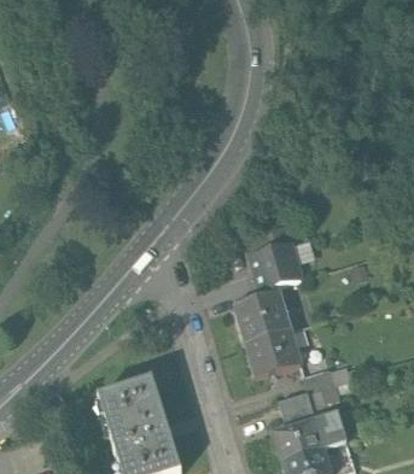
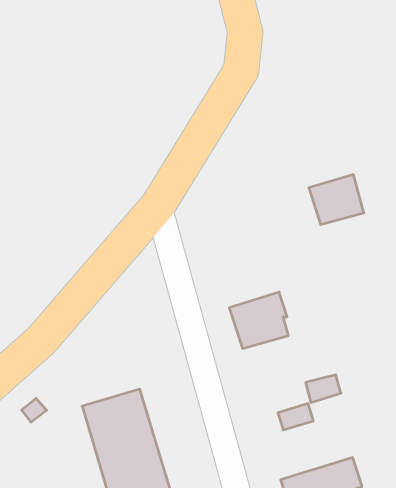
building: [249,241,299,287] -> [309,175,364,225]
building: [245,330,301,378] -> none
building: [270,412,346,463] -> none

